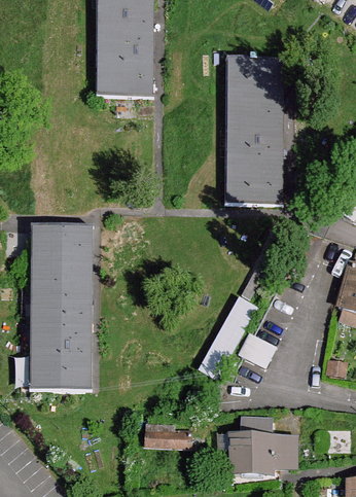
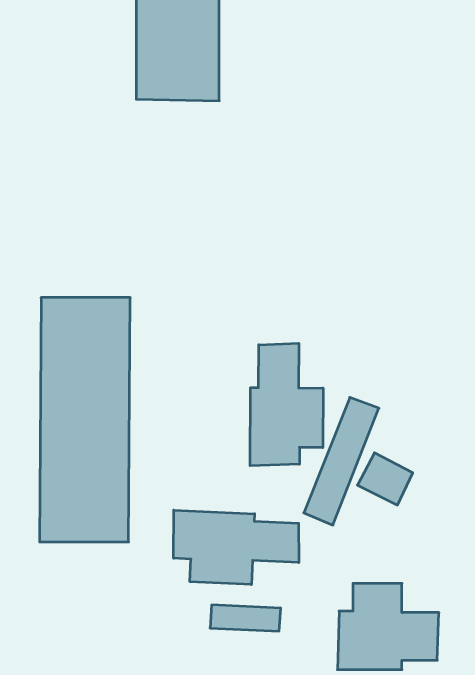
building: [226,58,284,201] -> none
building: none -> [250,343,323,466]
building: none -> [174,510,299,585]

